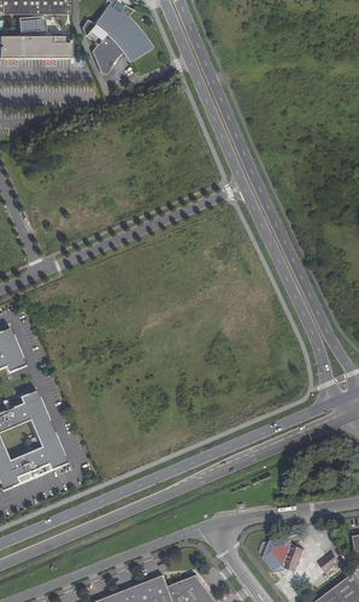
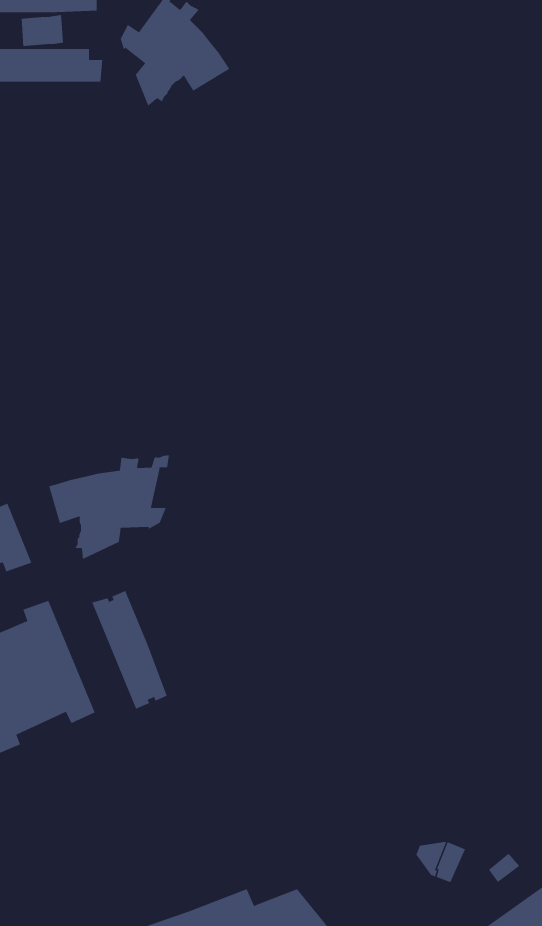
building: none -> [48,454,169,560]
building: none -> [91,590,167,709]

